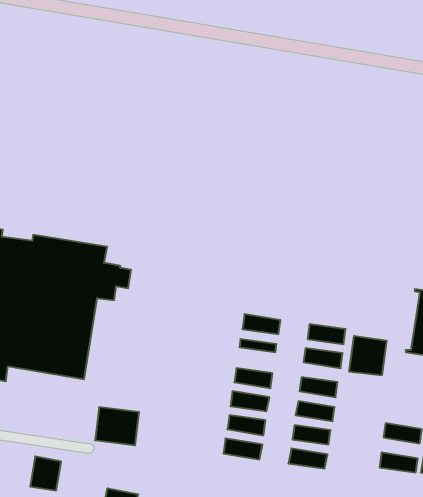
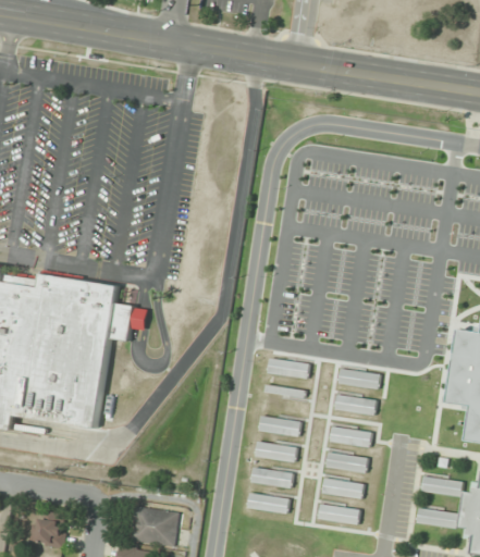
building: [349,336,386,375] -> none
building: [95,407,139,445] -> [131,507,179,548]

